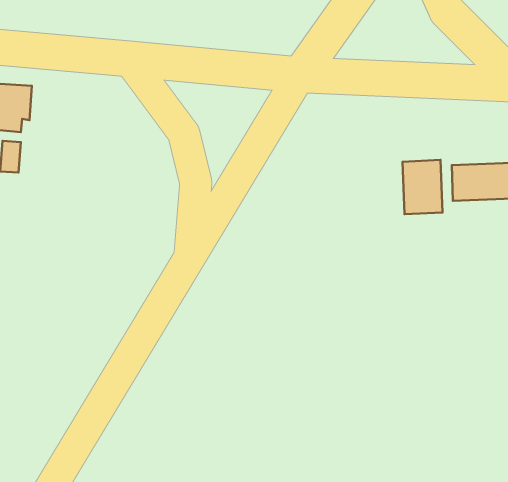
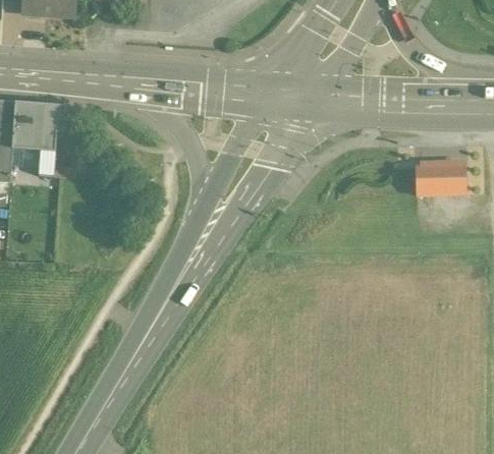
building: [402,160,443,214] -> none

